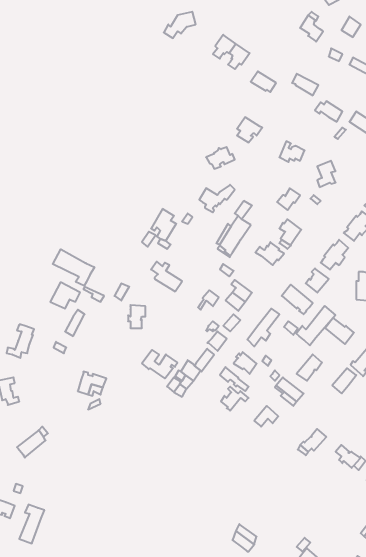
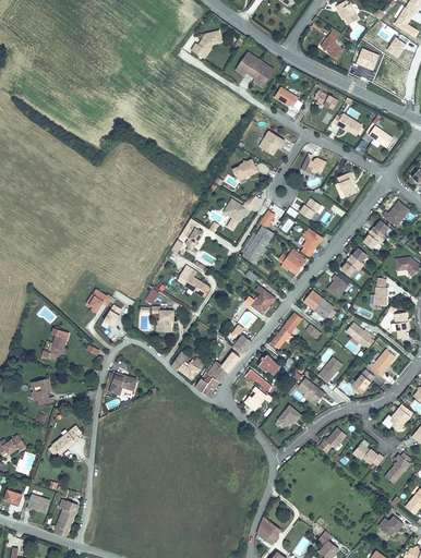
building: [53,249,94,286] -> none
building: [296,306,335,345] -> none

